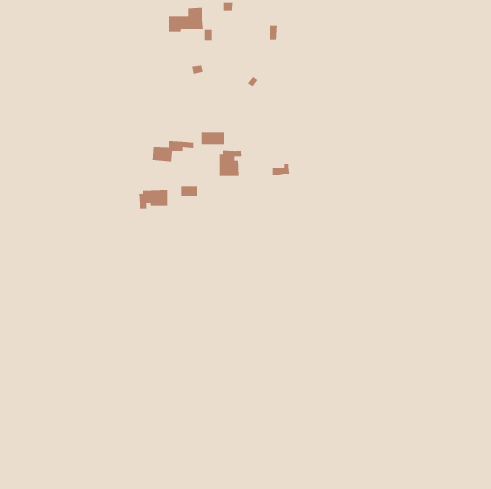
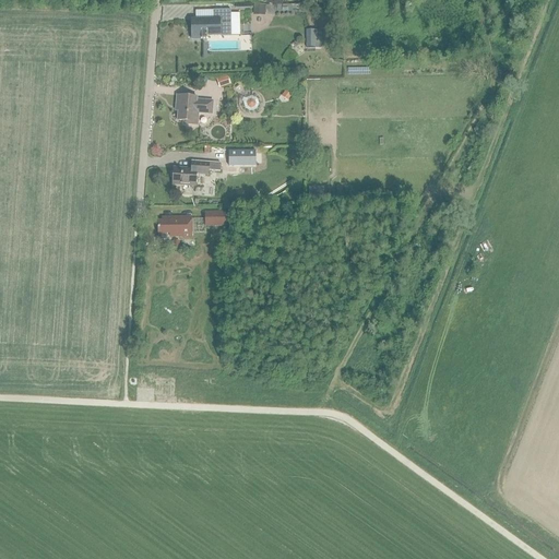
building: none -> [176,94,213,123]
building: [219,150,242,177] -> none

